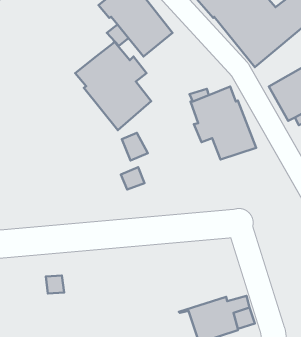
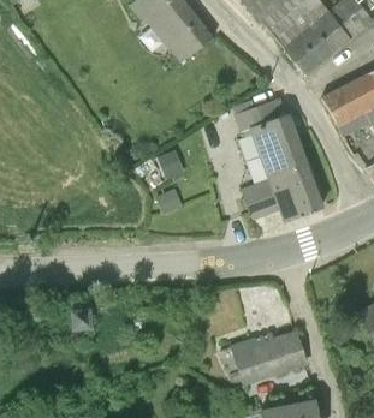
building: [75,42,151,130] -> none
building: none -> [242,167,322,222]

